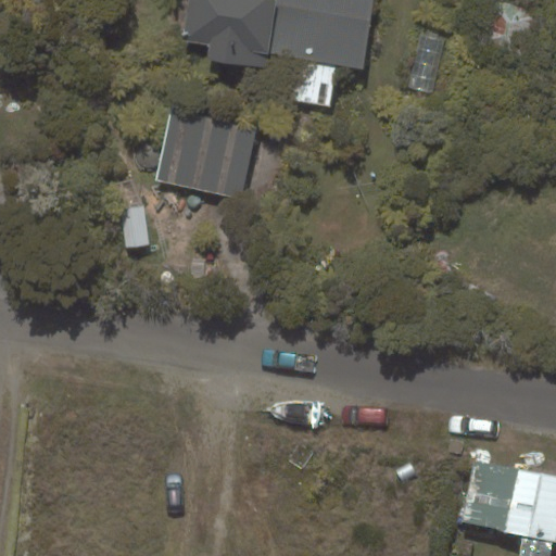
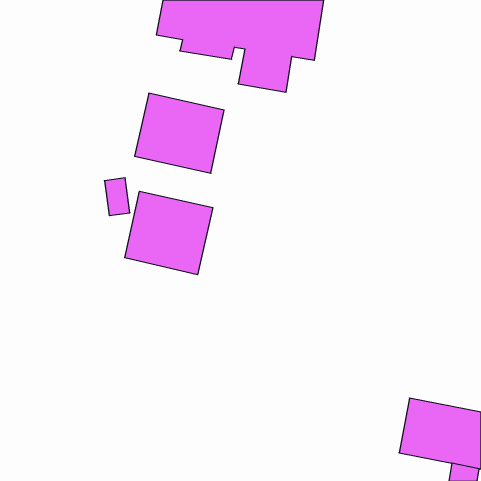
building: none -> [125,191,213,275]

